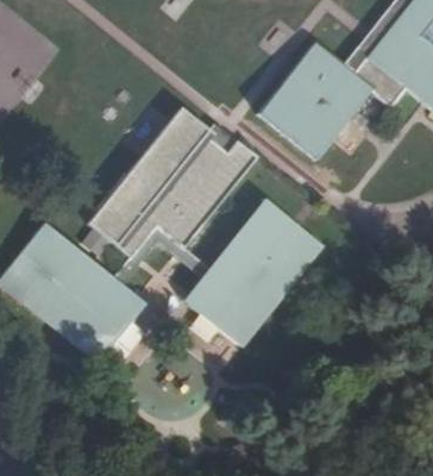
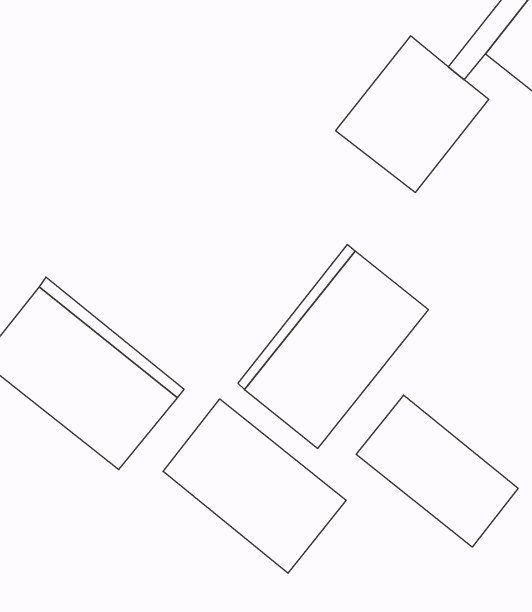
building: [89,107,258,258] -> none
building: none -> [356,395,518,547]
building: none -> [163,399,346,573]

